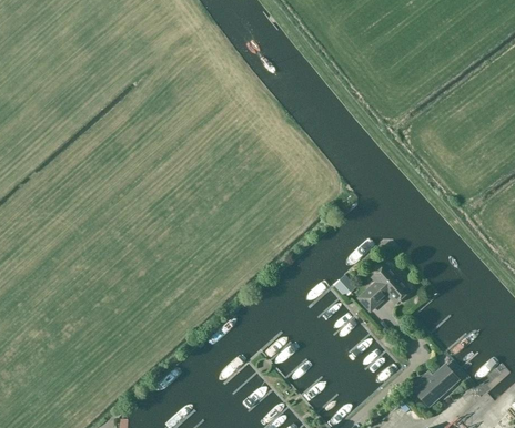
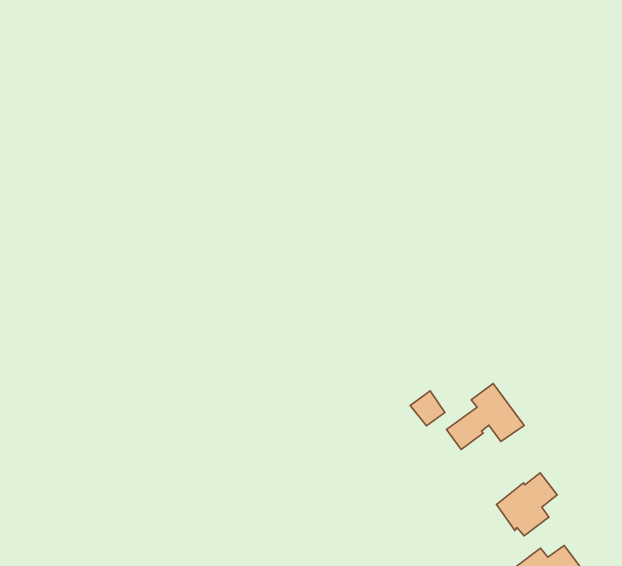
building: none -> [497,473,557,536]

